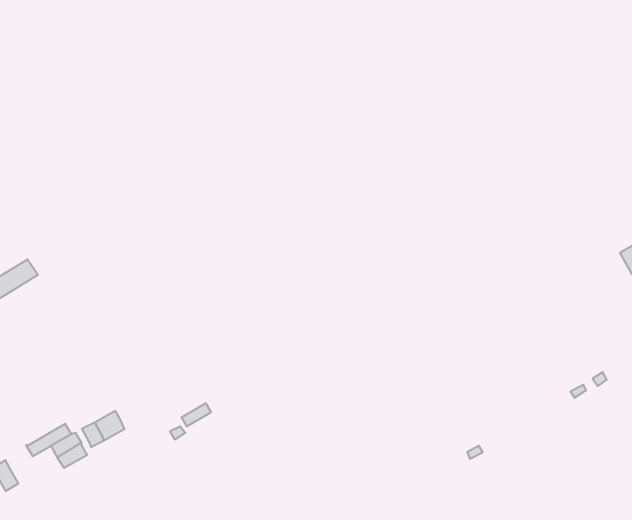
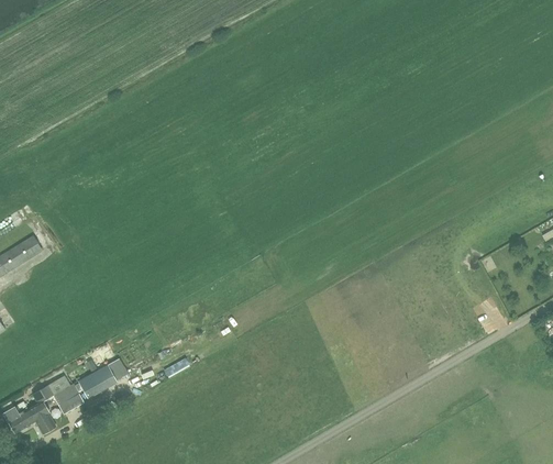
building: none -> [18,401,55,434]

